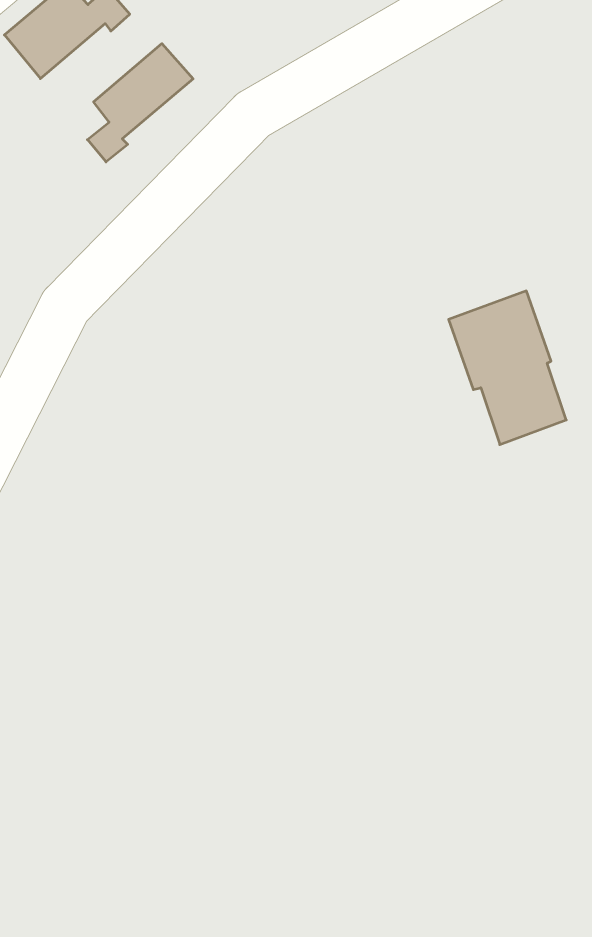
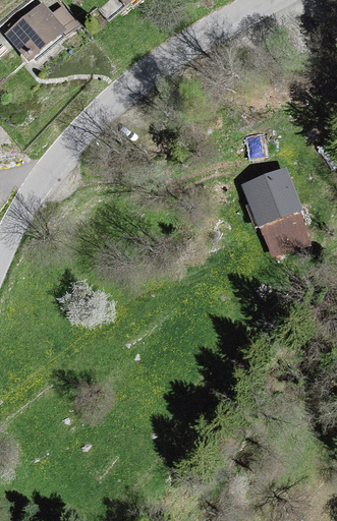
building: [87,44,193,162] -> none

